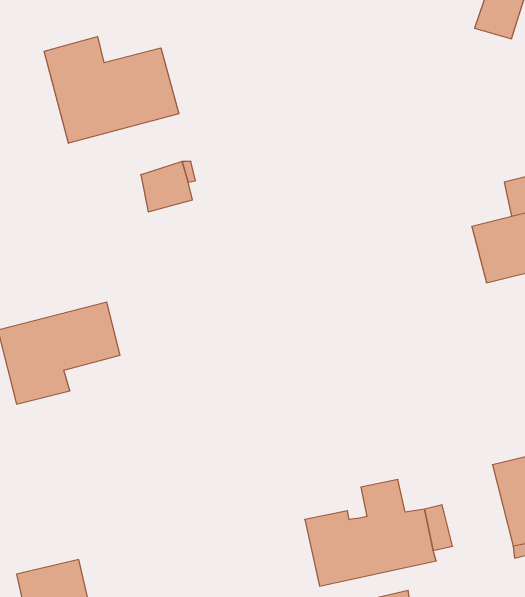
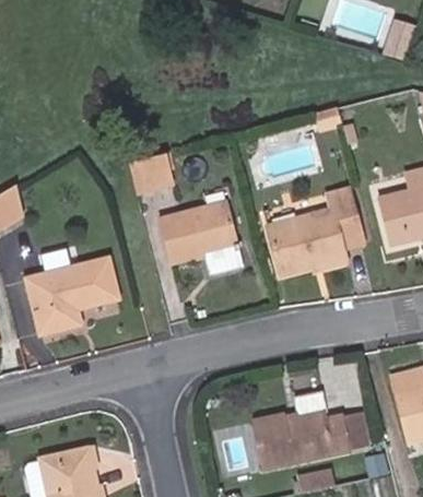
building: [44,37,179,143] -> none
building: none -> [268,190,361,271]
building: none -> [160,205,238,262]

